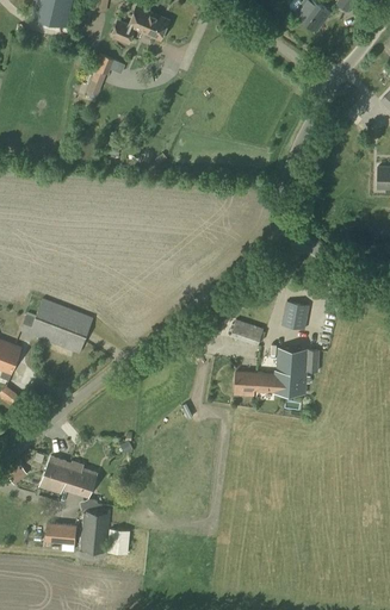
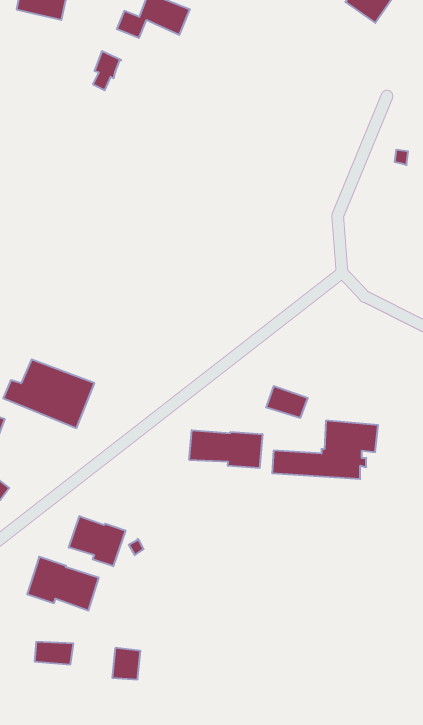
building: [281,301,309,330] -> none
building: none -> [189,430,262,468]
building: none -> [69,516,125,566]
building: [80,511,111,554] -> none

